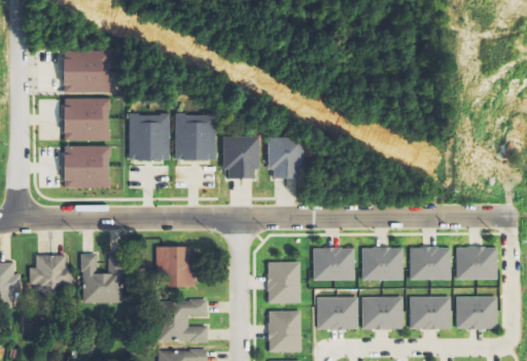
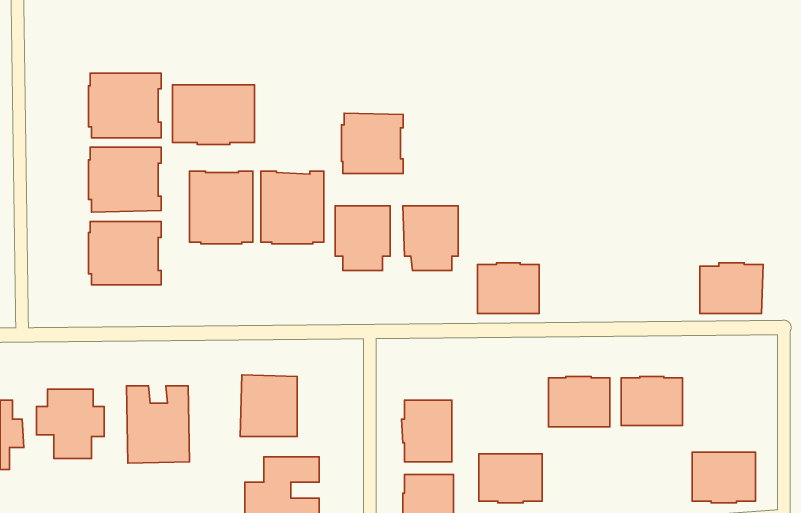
building: none -> [173,85,254,144]
building: none -> [341,113,403,173]
building: [455,246,496,279] -> [700,263,763,313]
building: [312,247,352,280] -> [478,263,539,314]
building: [361,296,401,329] -> none
building: [409,296,450,329] -> none

